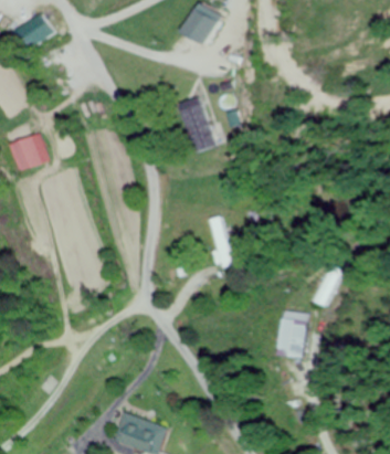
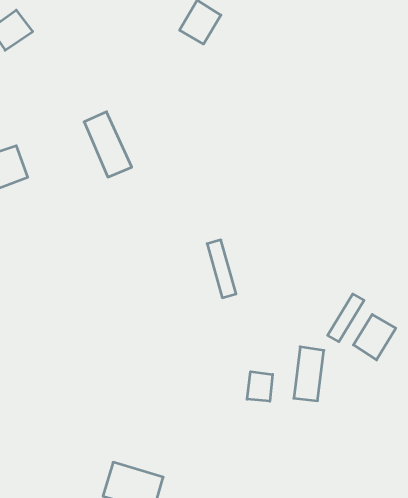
building: [177,95,219,152] -> [84,112,132,177]
building: none -> [353,314,396,360]
building: none -> [247,372,273,401]

